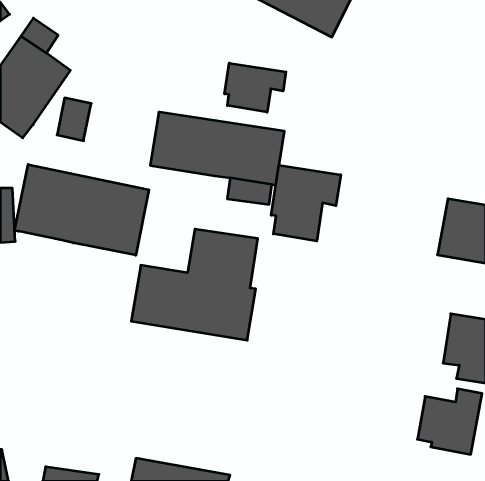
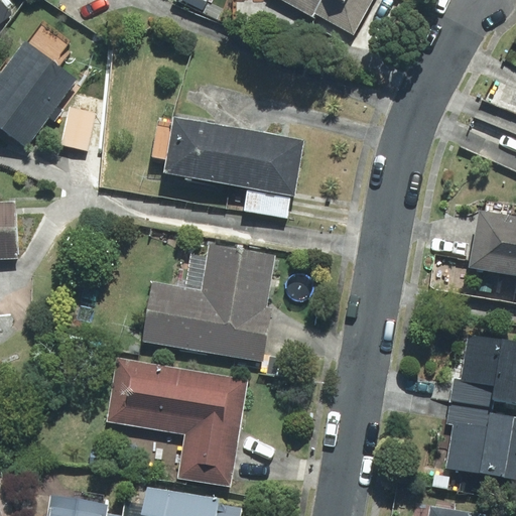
building: [225,63,286,112] -> none
building: [15,164,149,255] -> none
building: [271,165,341,241] -> none
building: none -> [105,356,248,486]

